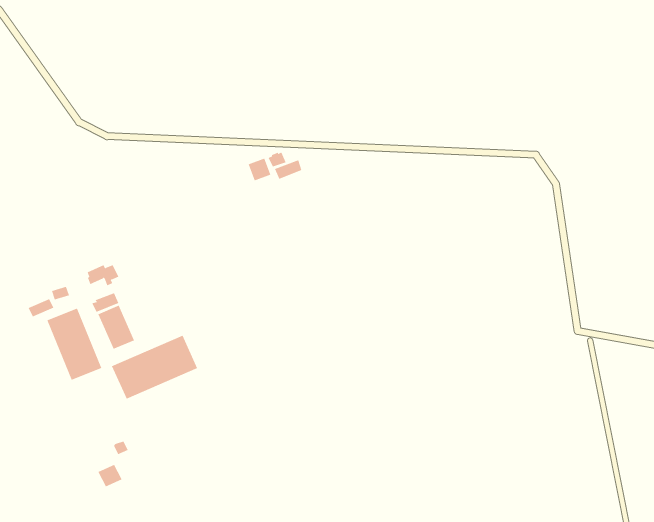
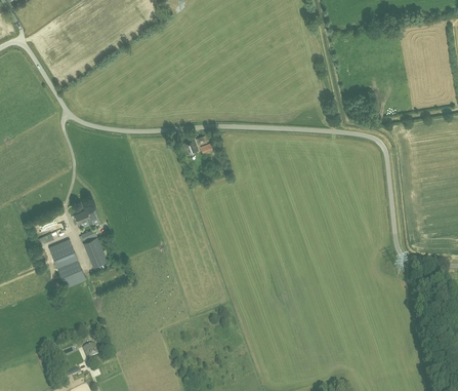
building: [111,335,198,400] -> none

